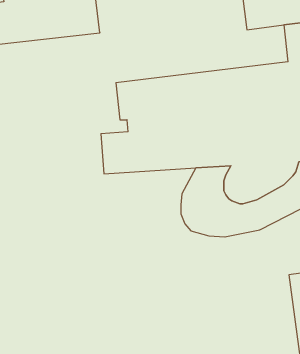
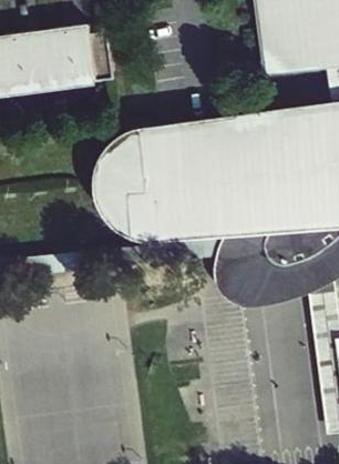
building: none -> [82,132,143,233]

